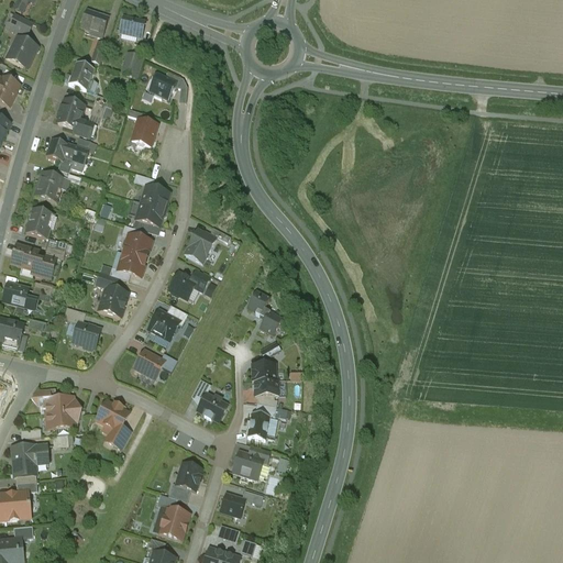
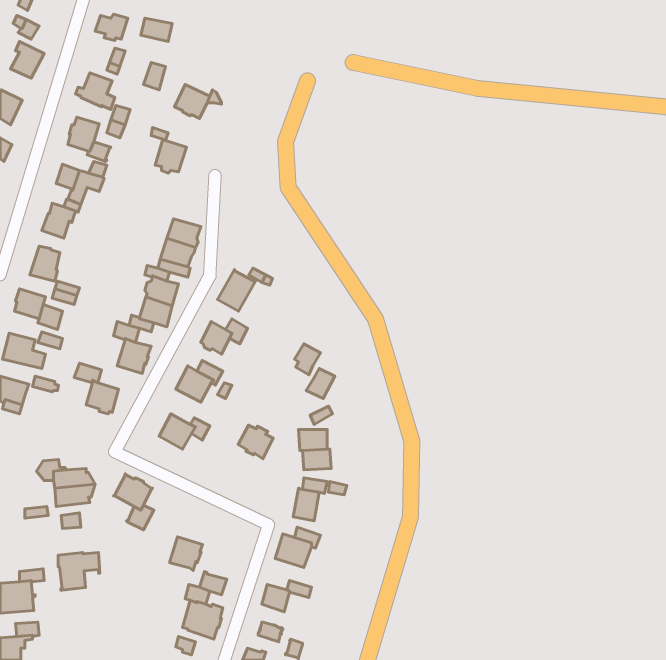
building: [197,394,227,422] -> [238,425,273,459]
building: [12,444,47,476] -> [58,552,100,590]
building: [175,463,202,492] -> [170,537,202,571]

